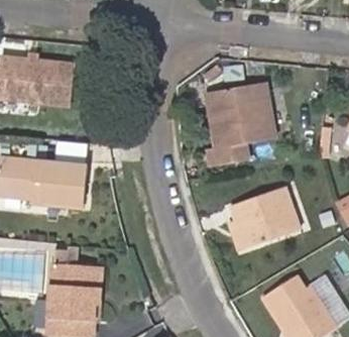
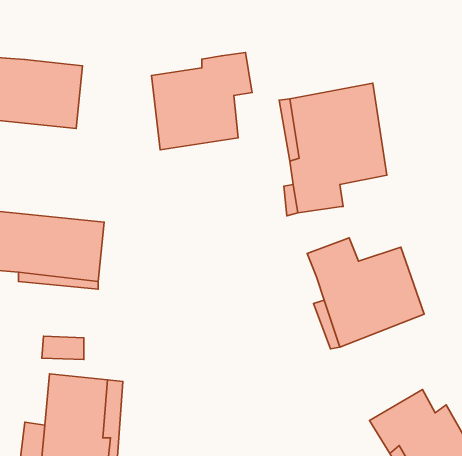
building: none -> [151,52,252,150]

